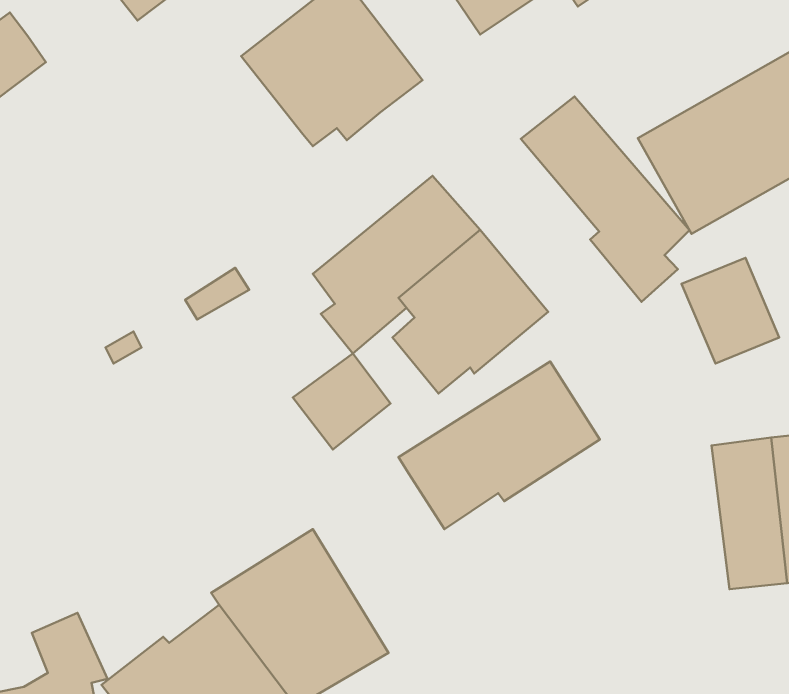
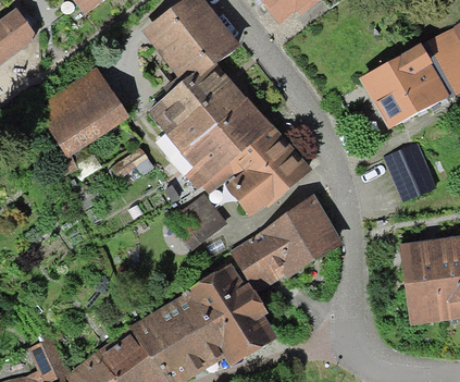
building: [521,96,690,302] -> none
building: none -> [148,63,248,151]
building: none -> [37,69,128,158]
building: none -> [183,260,276,368]

